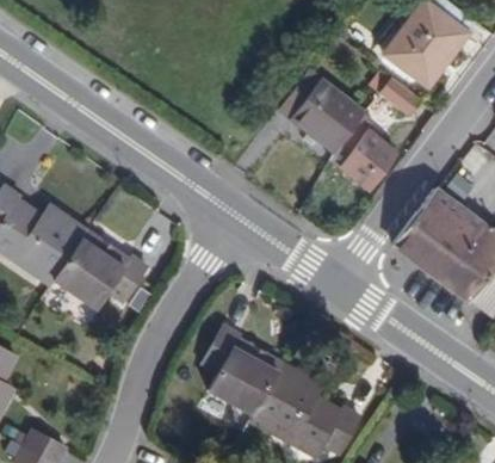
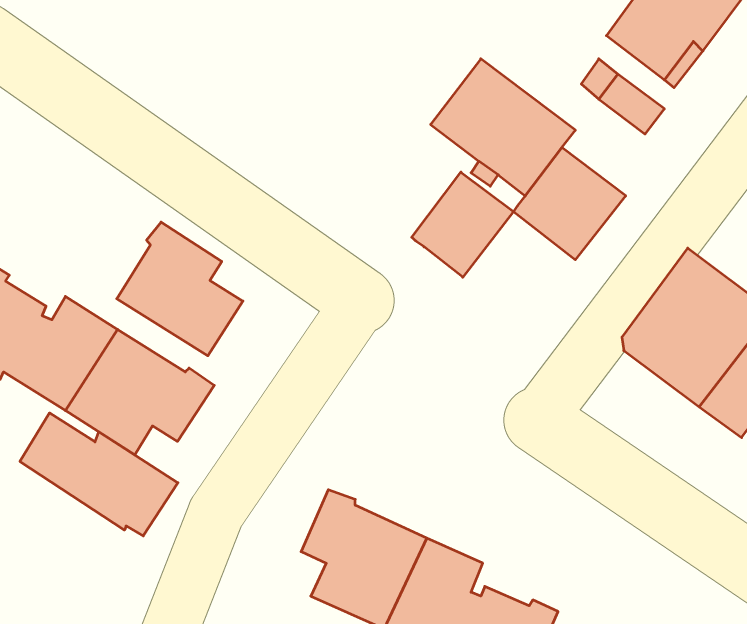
building: none -> [412,172,514,277]
building: none -> [117,222,243,356]
building: none -> [20,413,178,536]

